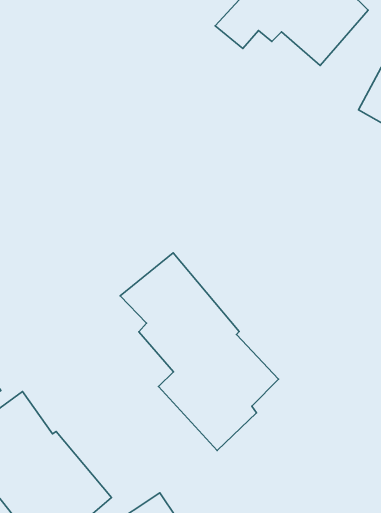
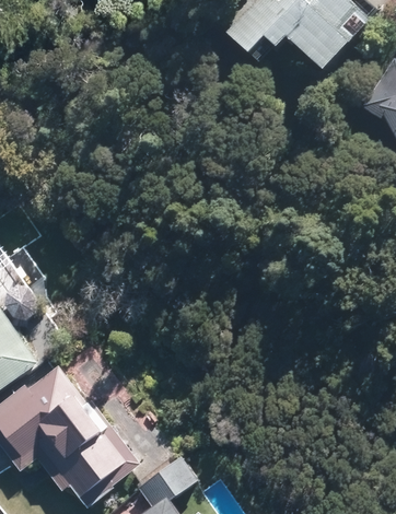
building: [120,253,279,450] -> none

